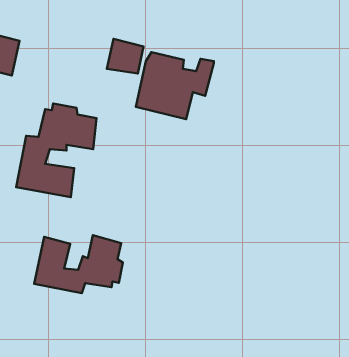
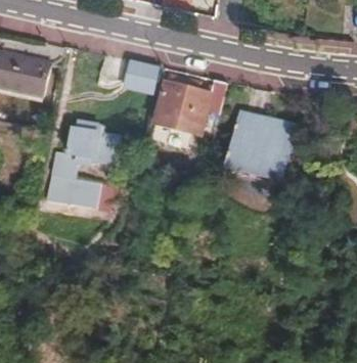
building: none -> [225,111,293,180]
building: [34,235,123,293] -> none

